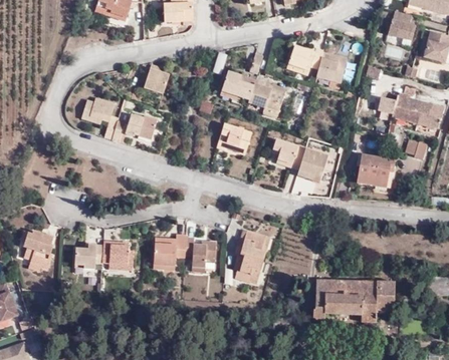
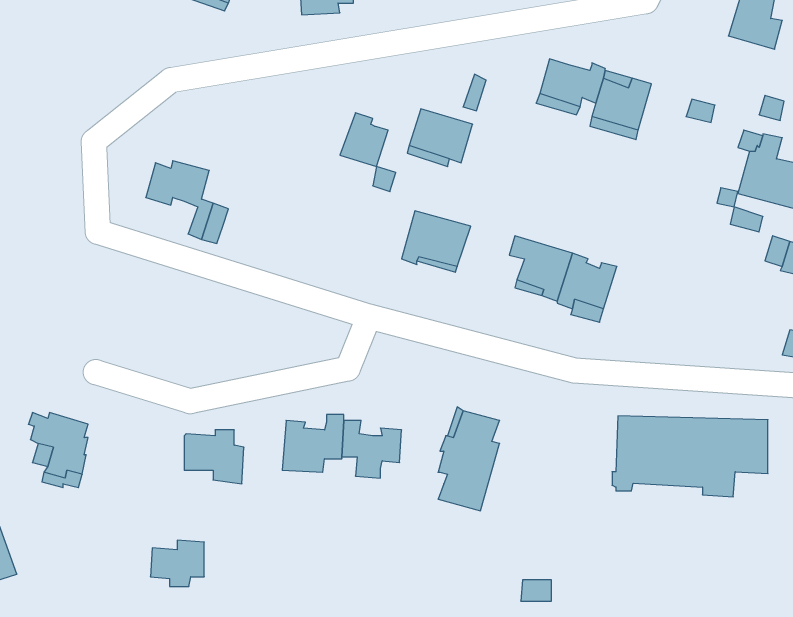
building: [143,66,168,94] -> [340,113,388,167]
building: [247,79,286,111] -> none
building: [127,114,158,139] -> none
building: [358,154,396,189] -> none
building: [75,242,103,266] -> [150,540,204,586]
building: [313,280,395,322] -> [612,416,768,497]

